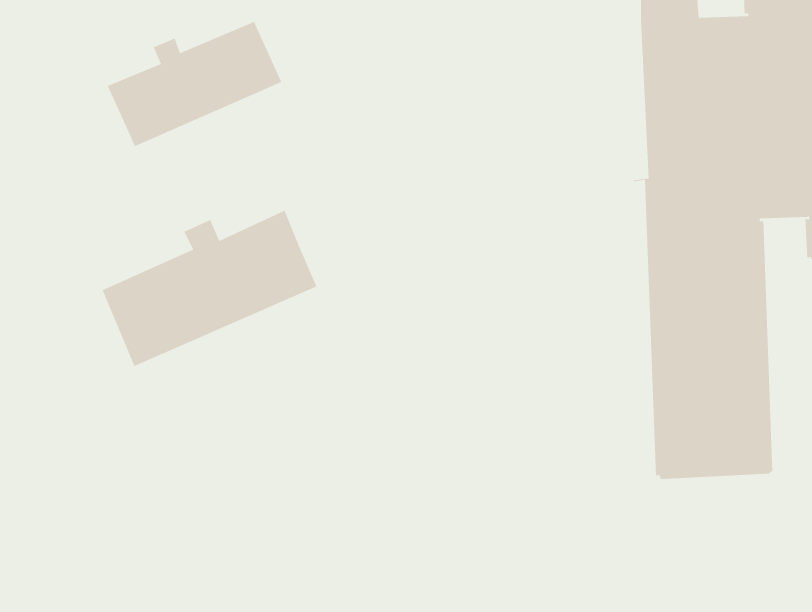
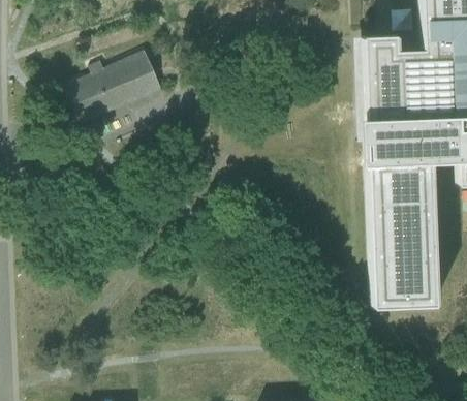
building: [102,210,317,367] -> none

